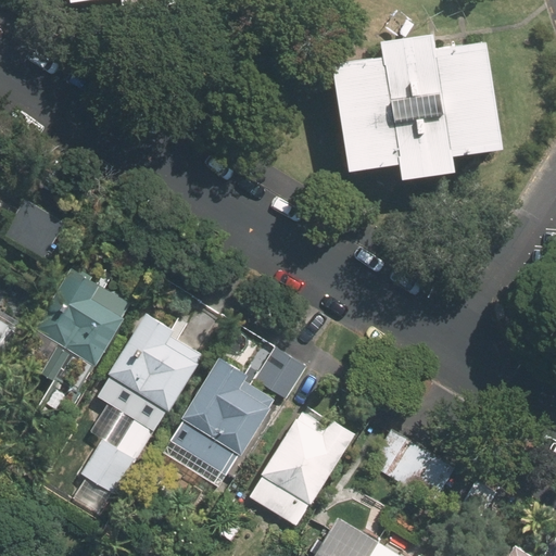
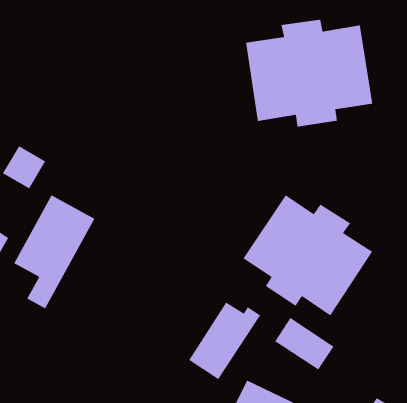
building: none -> [242,194,373,317]
building: [80,314,200,493] -> none
building: [162,352,302,488] -> none

